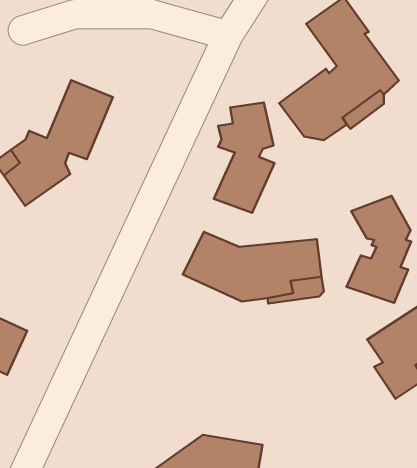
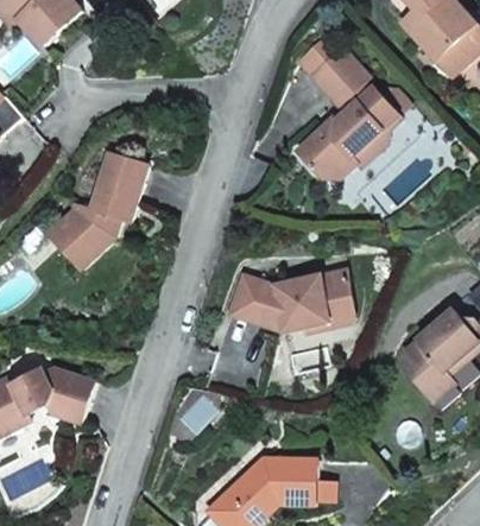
building: [214,102,275,213] -> none
building: [346,196,411,303] -> none

